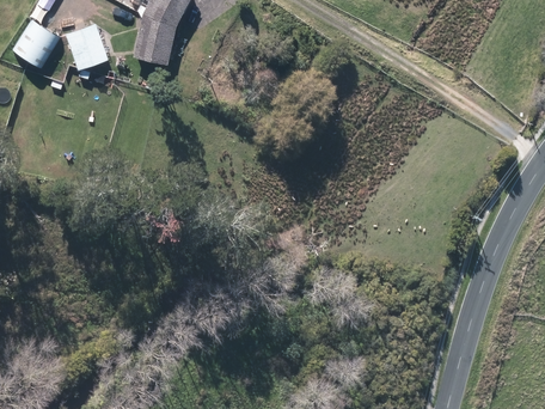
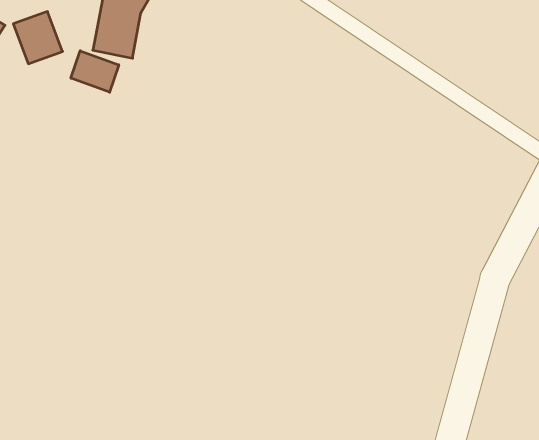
building: none -> [71,51,119,92]

